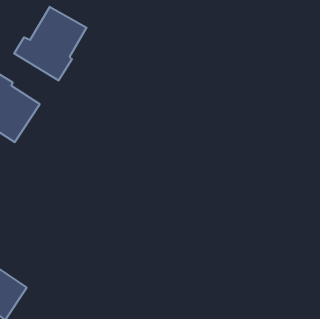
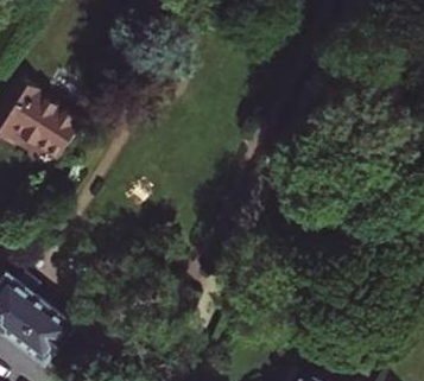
building: [14,7,87,81] -> none

